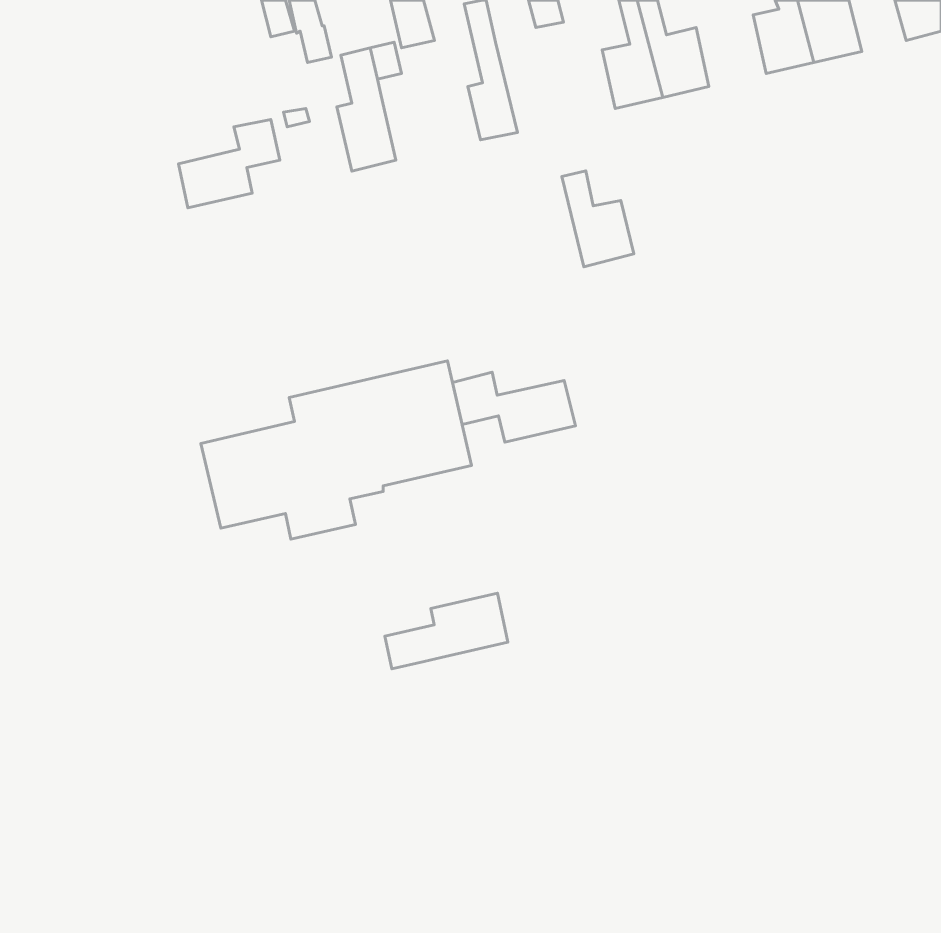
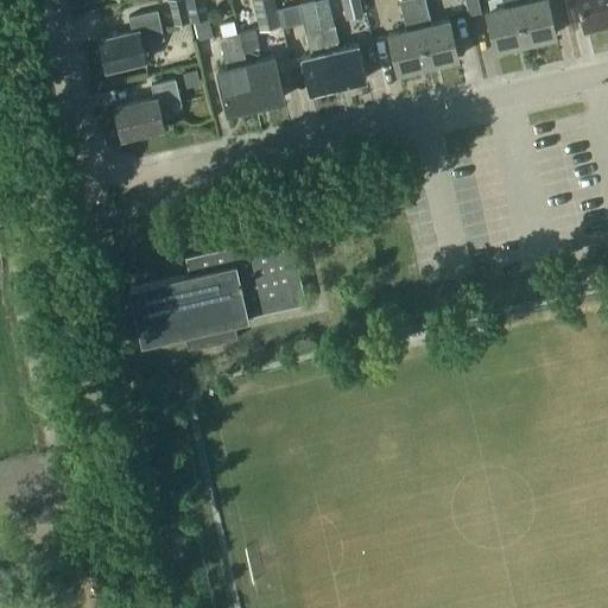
building: none -> [100,13,164,74]
building: none -> [246,61,284,108]
building: [562,171,634,267] -> [319,28,366,90]
building: [452,372,576,442] -> none
building: [385,593,508,669] -> none

